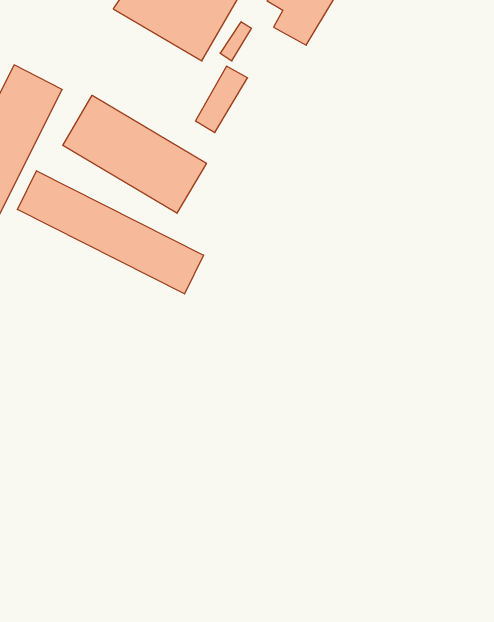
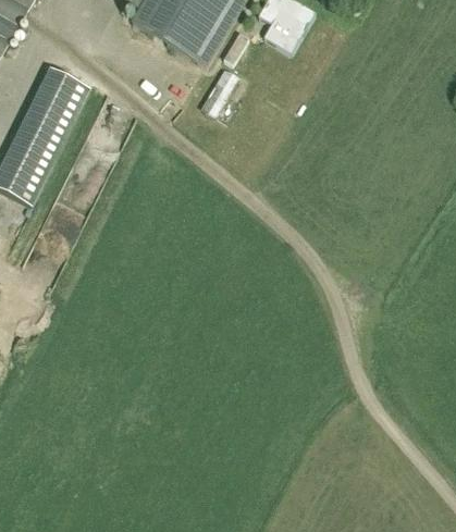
building: [63,95,206,213] -> none
building: [17,171,204,294] -> none

